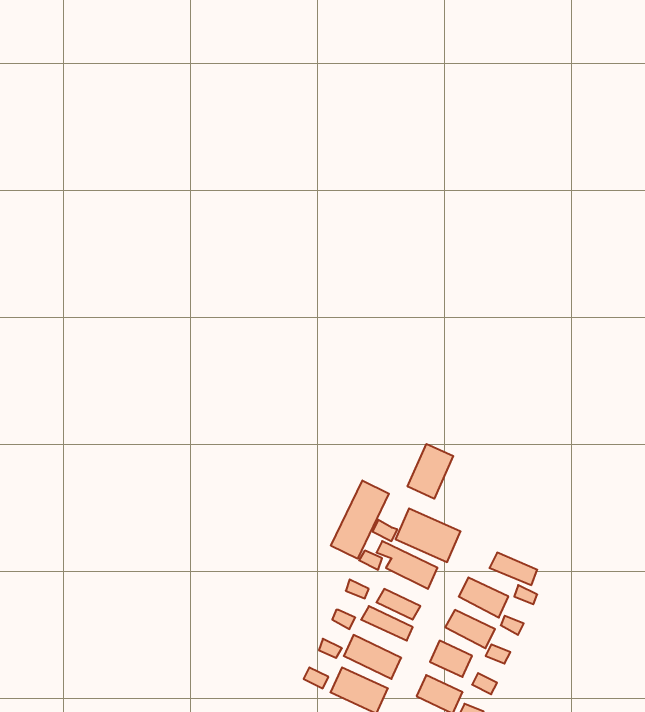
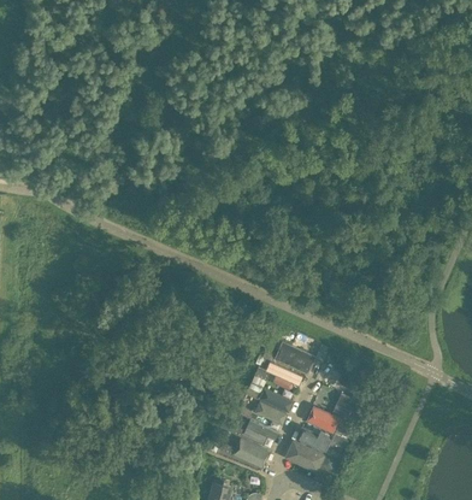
building: [408,444,453,499] -> none
building: [331,480,389,559] -> none

